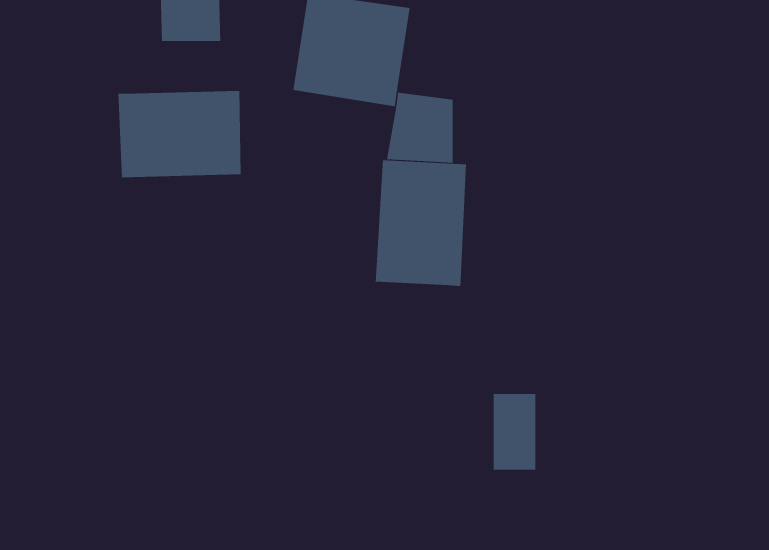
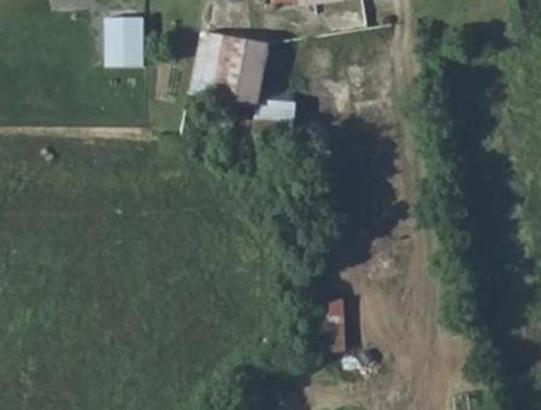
building: [118,90,241,178] -> none
building: [375,159,466,287] -> none

